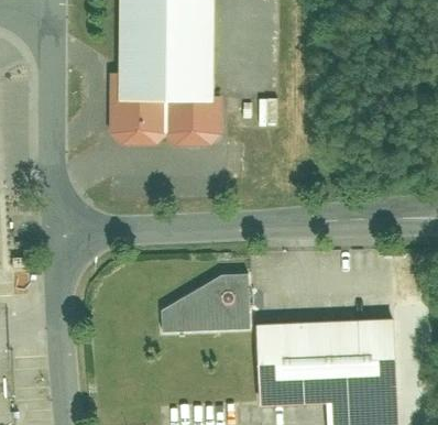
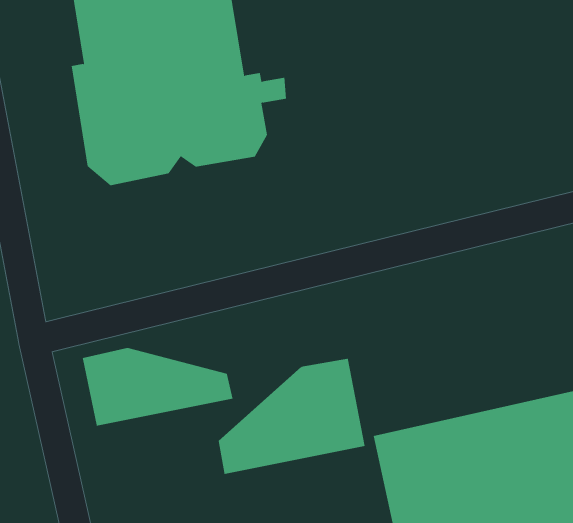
building: none -> [82,347,233,427]

